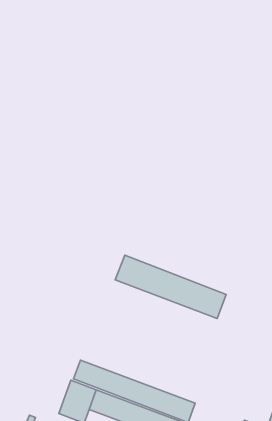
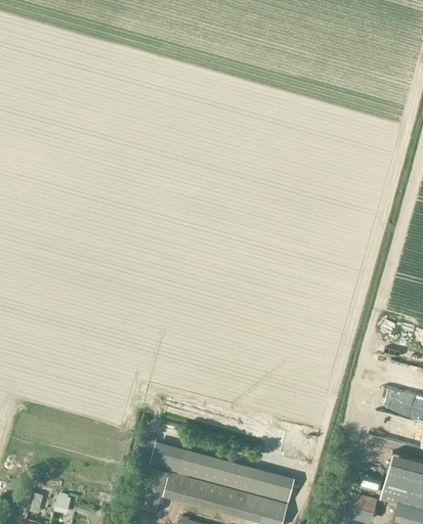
building: [115,255,226,318] -> none

